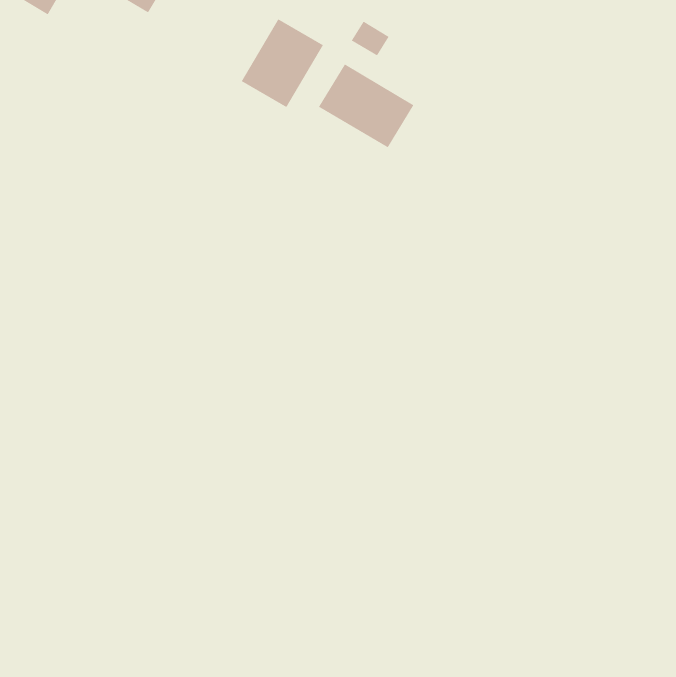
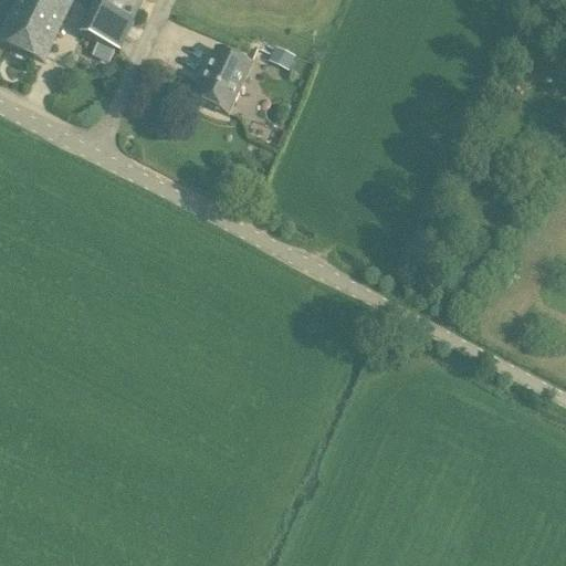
building: [318,64,414,148] -> none

